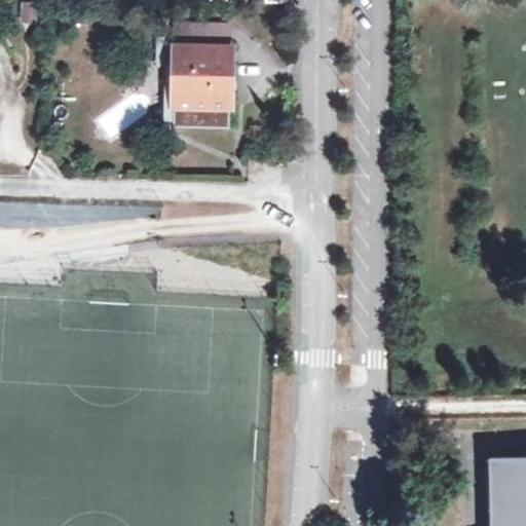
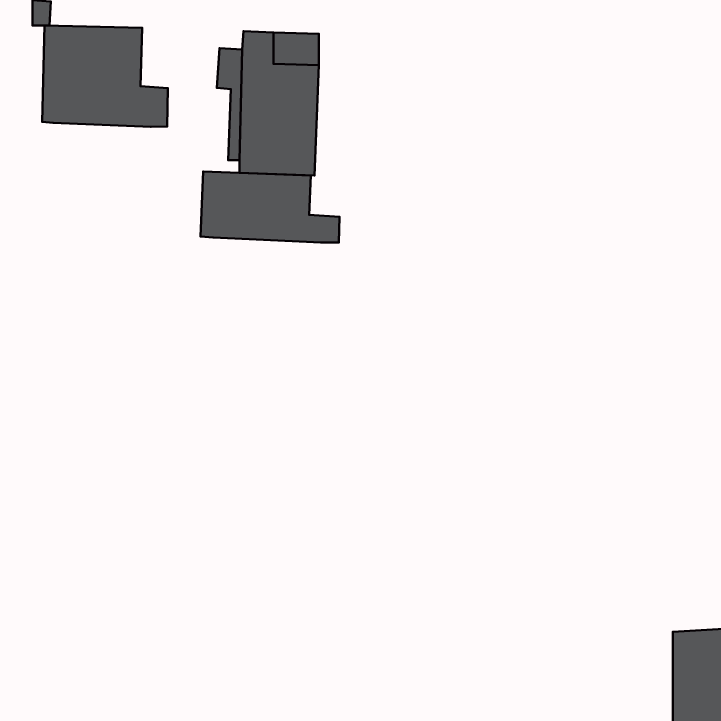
building: none -> [42,25,168,127]
building: none -> [201,172,339,243]

